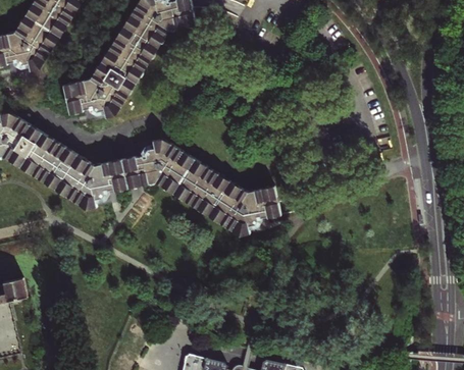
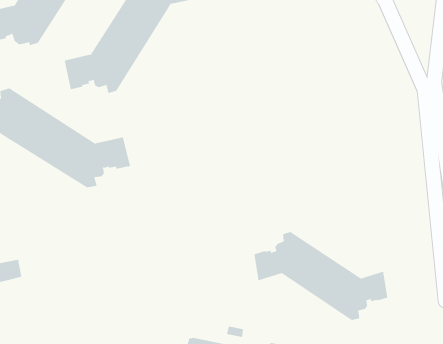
building: [122,139,281,236] -> none
building: none -> [254,231,388,321]

